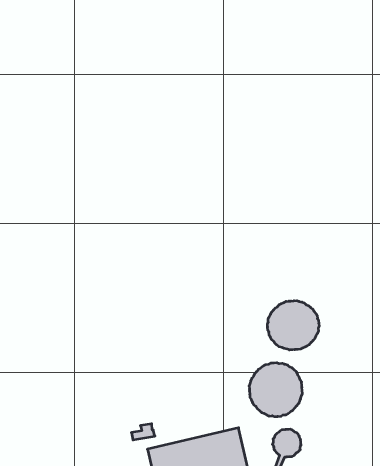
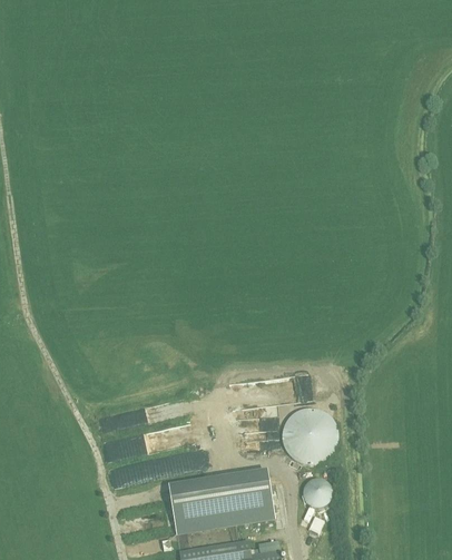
building: [267,301,319,350] -> none

